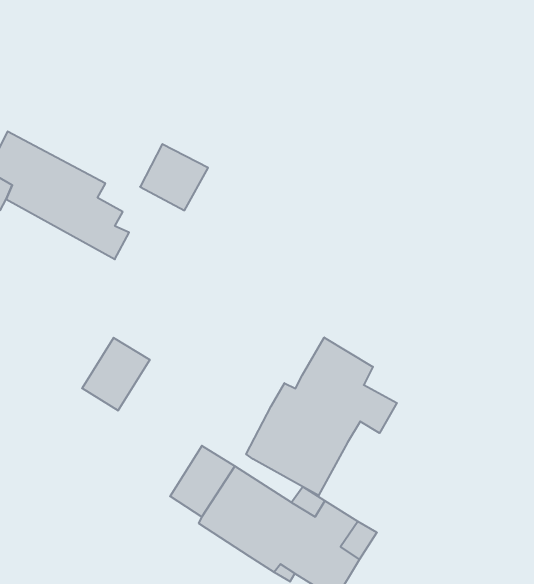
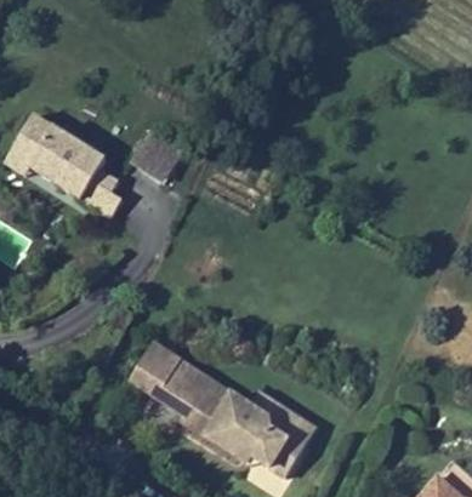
building: [246,337,397,496] -> none
building: [82,338,150,410] -> [129,342,181,398]

